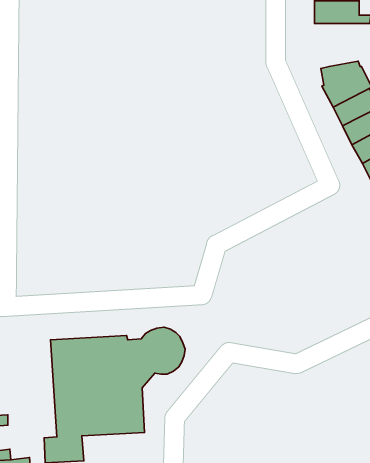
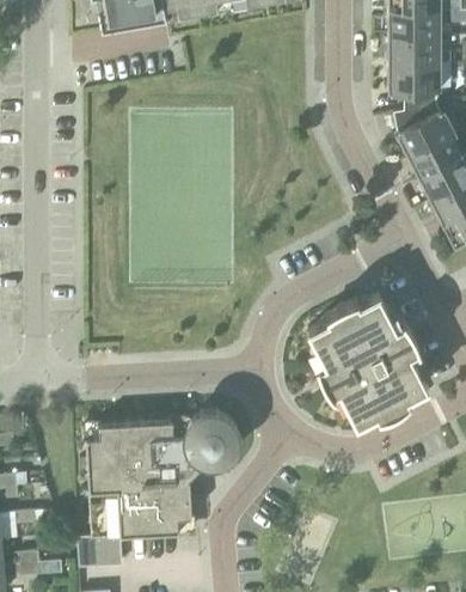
building: none -> [388,63,440,112]
building: none -> [309,294,429,423]

